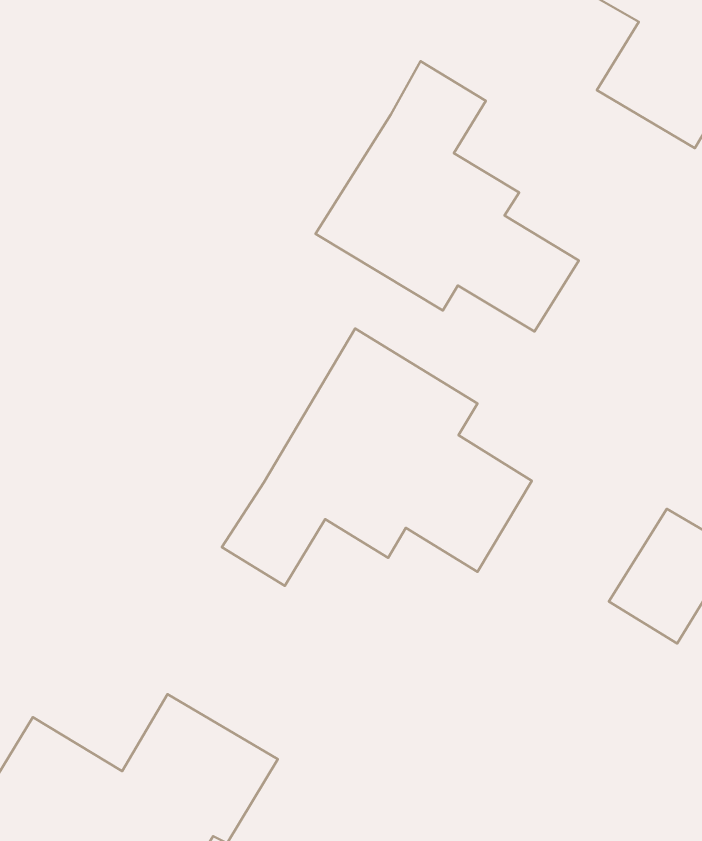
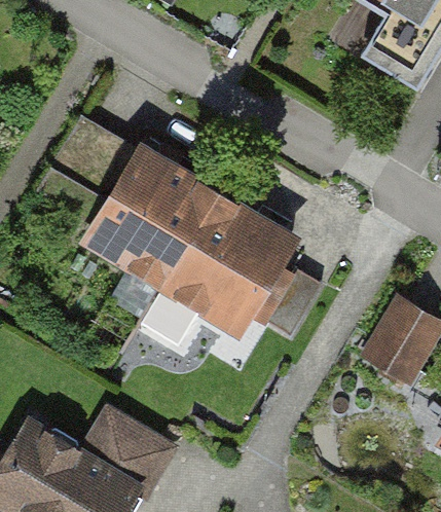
building: [315,61,579,332] -> none
building: none -> [36,118,219,285]

